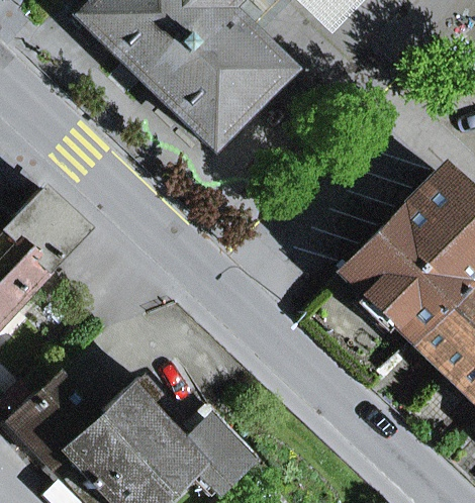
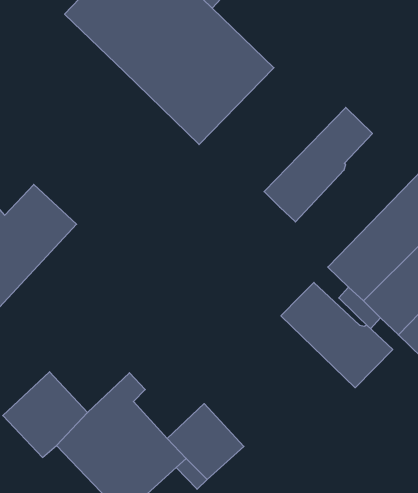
building: none -> [264,107,372,222]
building: none -> [281,282,393,388]

